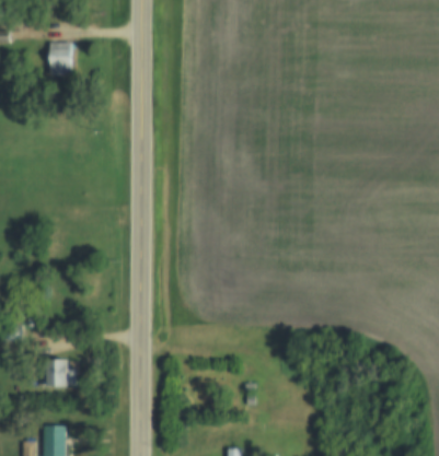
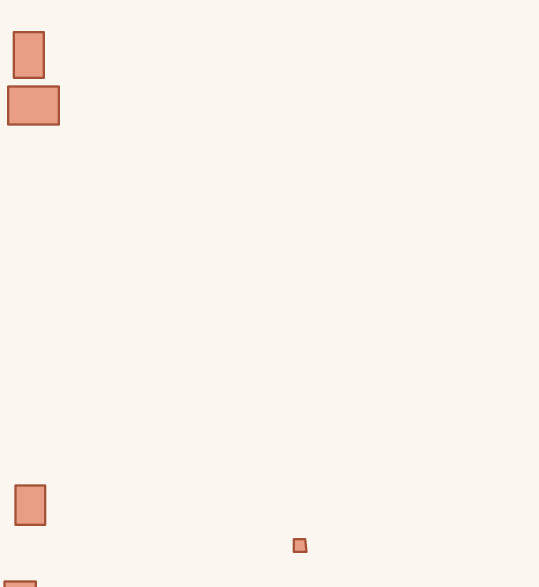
building: none -> [8,87,59,124]

